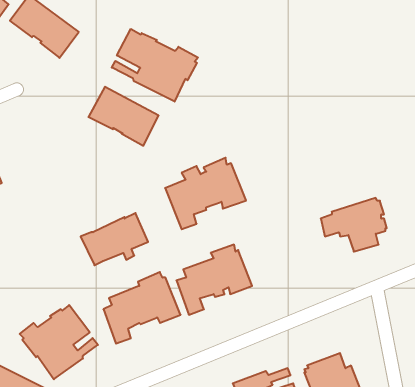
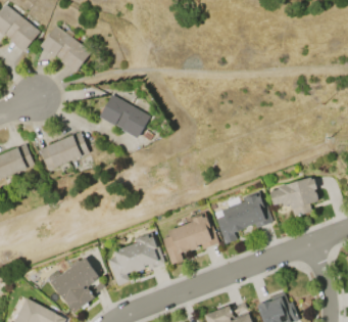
building: [112,29,198,102] -> none
building: [165,158,246,229] -> [213,190,274,243]
building: [81,213,148,265] -> [40,132,90,171]

